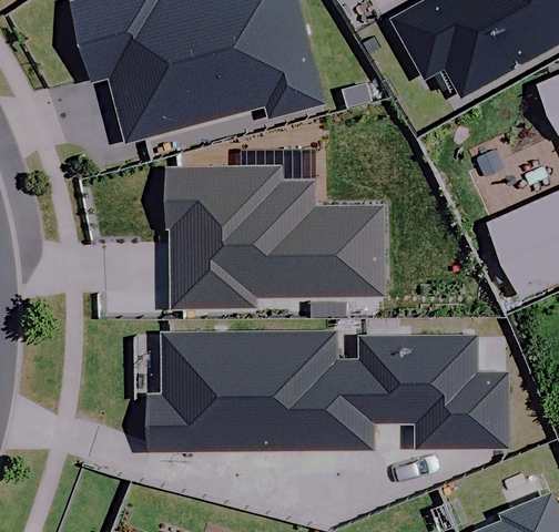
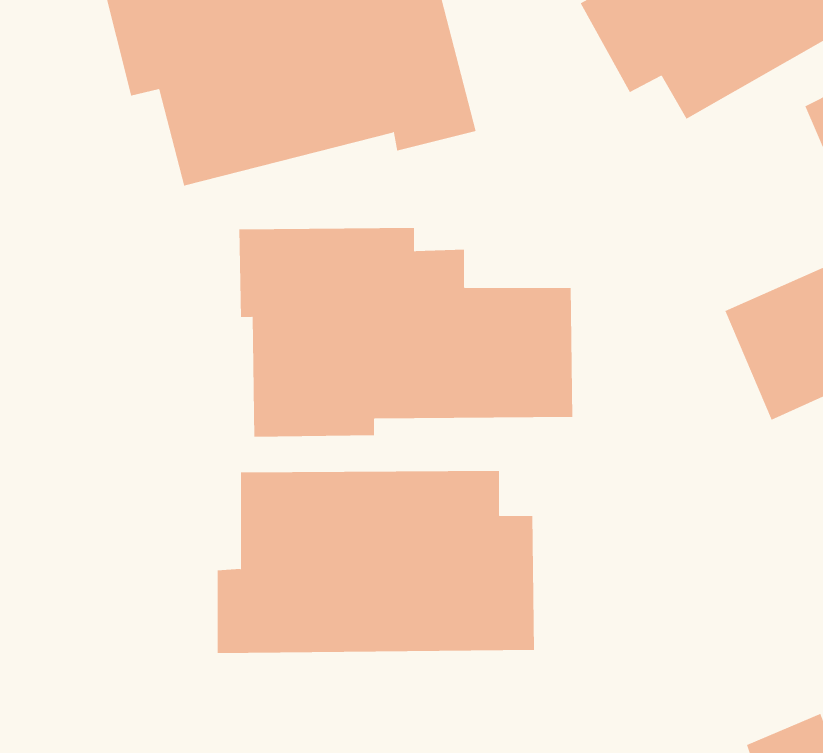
building: [358,336,508,450] -> none

